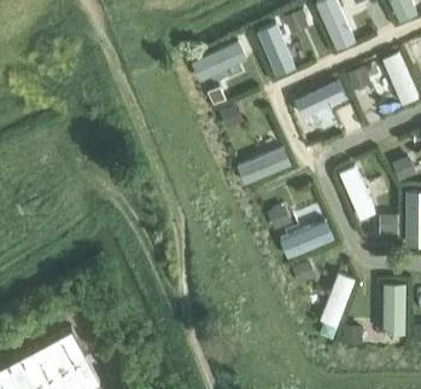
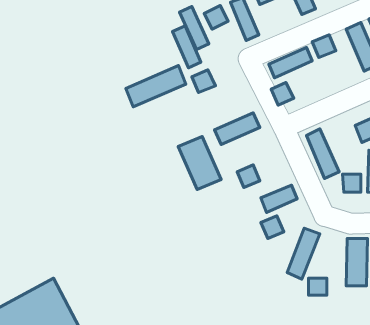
building: none -> [126,66,186,107]
building: none -> [178,137,221,190]

